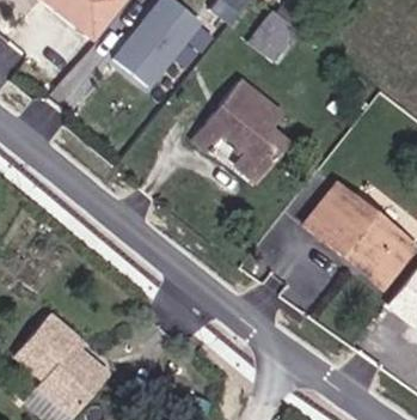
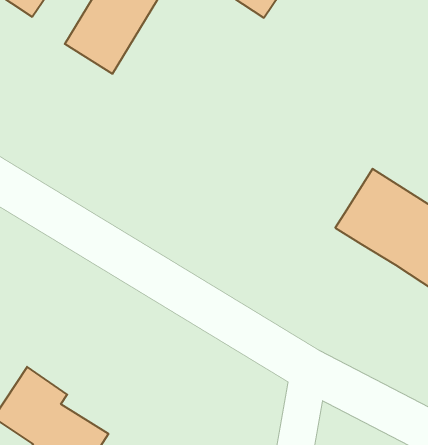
building: [195,84,306,183] -> none

